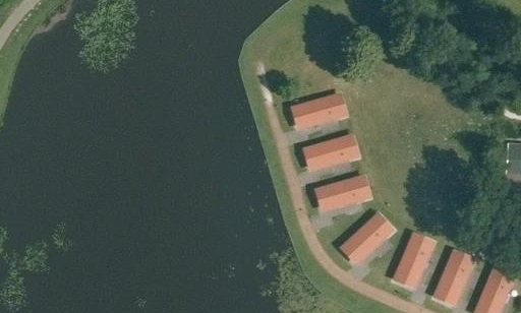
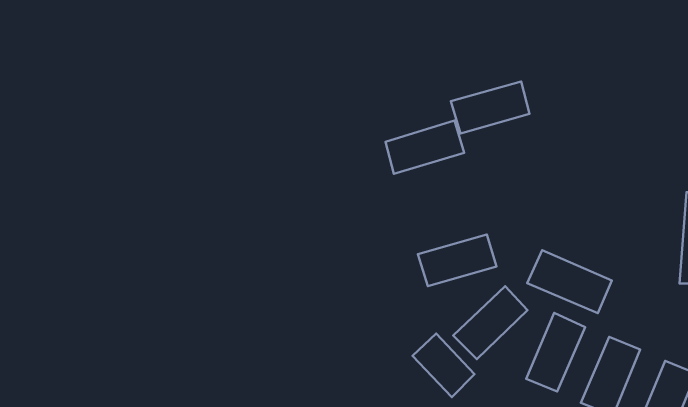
building: [302,133,359,171] -> [451,82,529,133]
building: none -> [527,250,612,313]
building: none -> [413,333,474,397]

